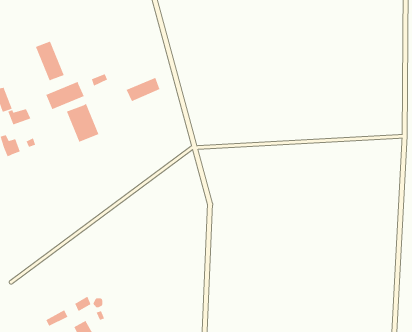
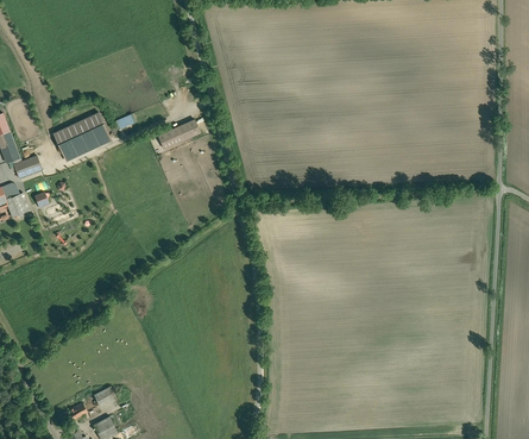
building: [35,41,65,82] -> none
building: [66,103,99,143] -> none

